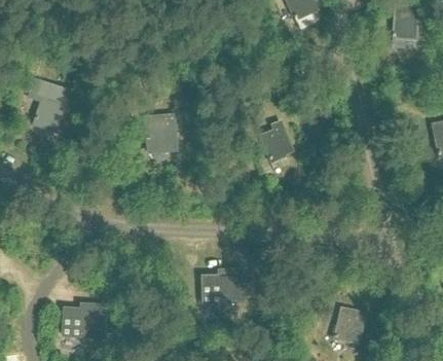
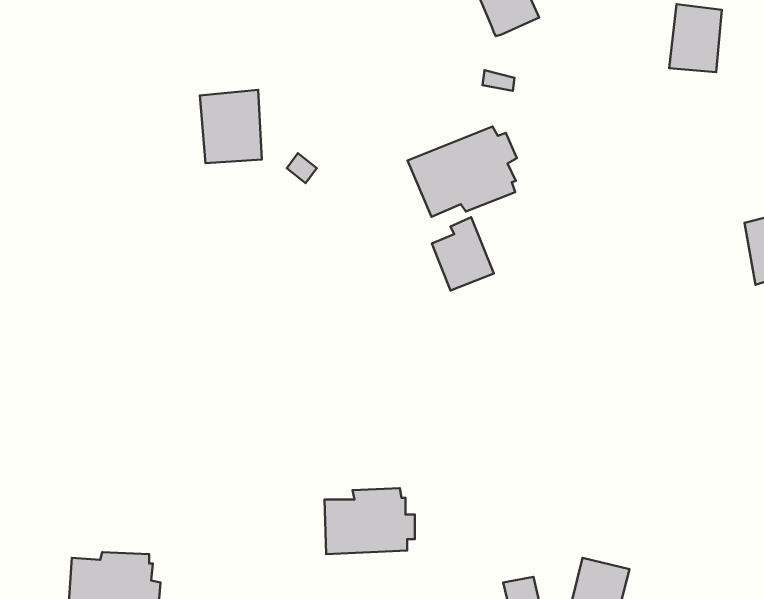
building: none -> [408,126,517,217]
building: [29,78,70,129] -> none
building: [144,113,178,153] -> [200,90,262,163]

